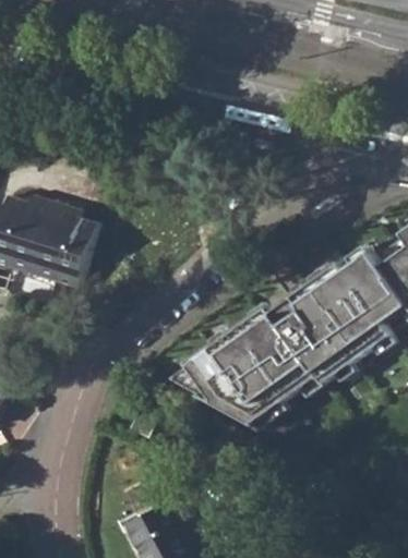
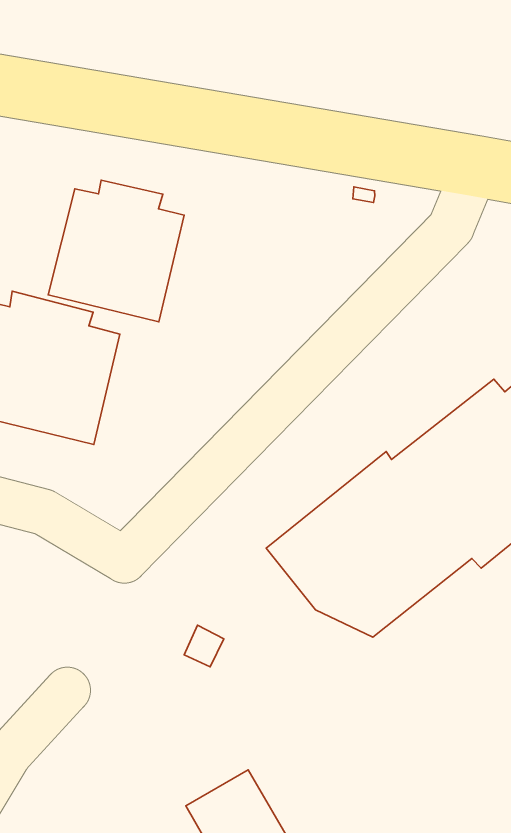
building: none -> [48,180,184,322]

